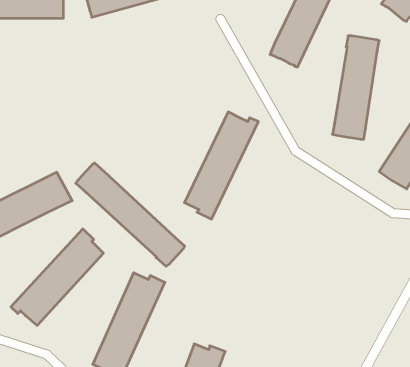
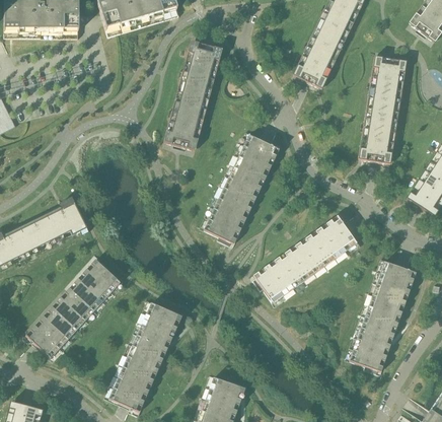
building: none -> [165,41,223,149]
building: [76,163,185,266] -> none
building: none -> [251,213,358,302]
building: none -> [351,261,418,374]

